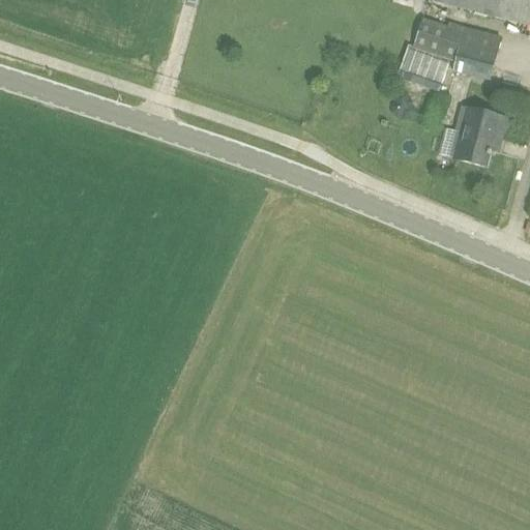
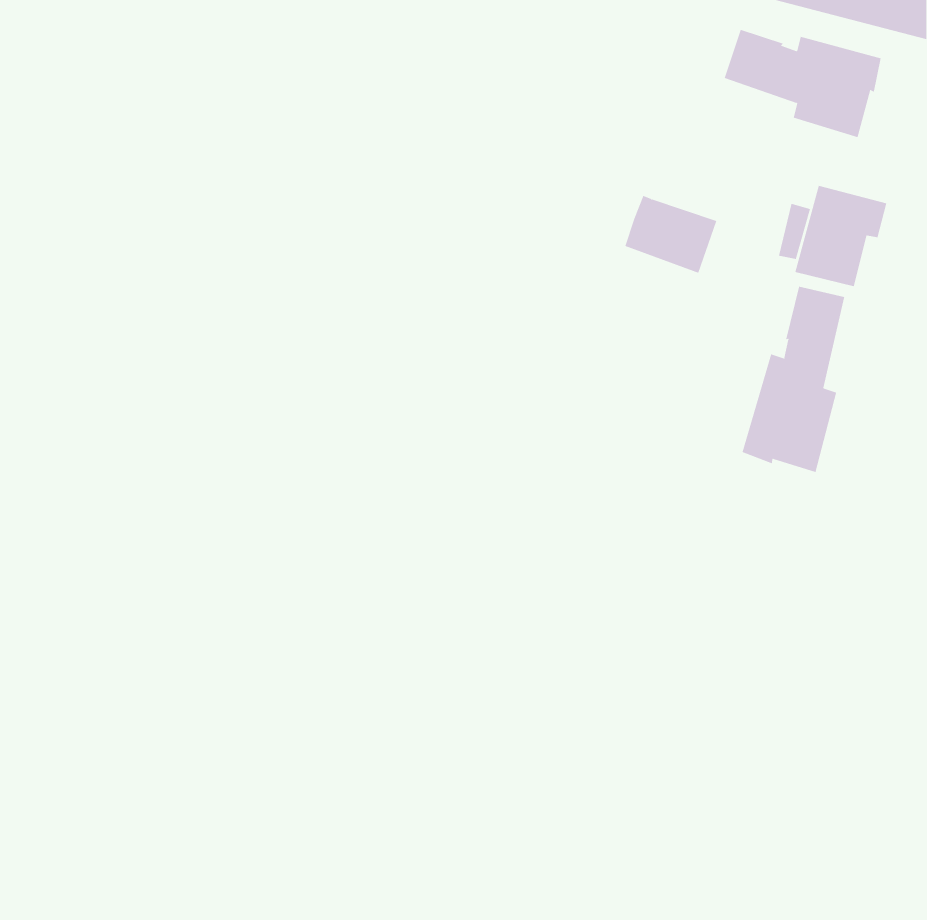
building: [396,46,449,90] -> [625,195,717,273]
building: none -> [742,286,845,473]

